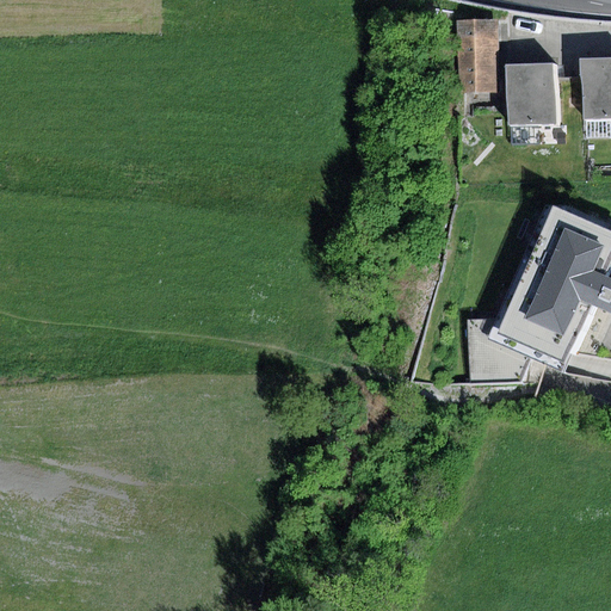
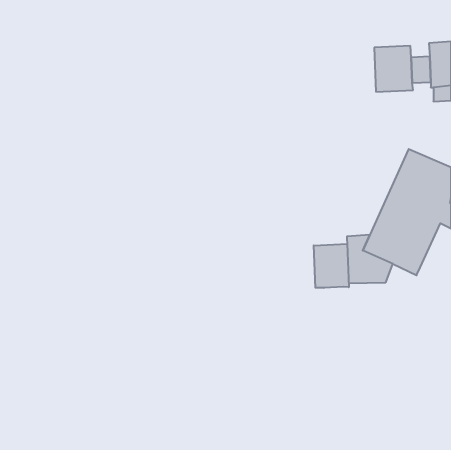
building: [457,19,499,93] -> none
building: none -> [314,244,349,288]

